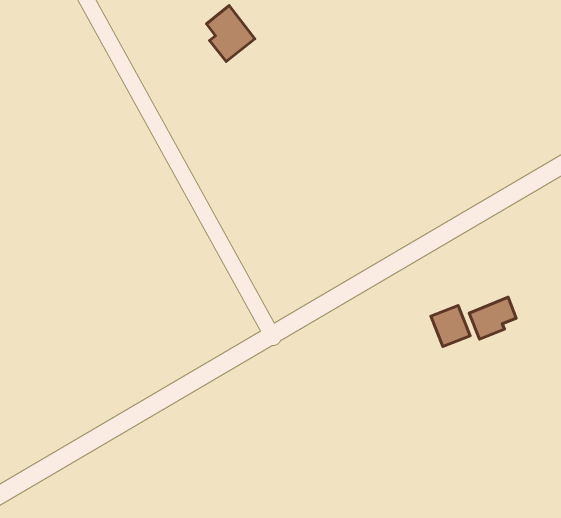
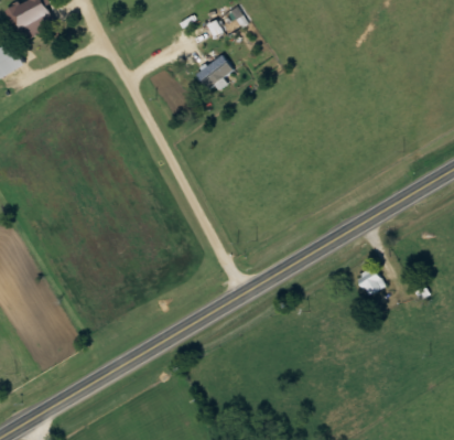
building: [469,297,516,339] -> none

